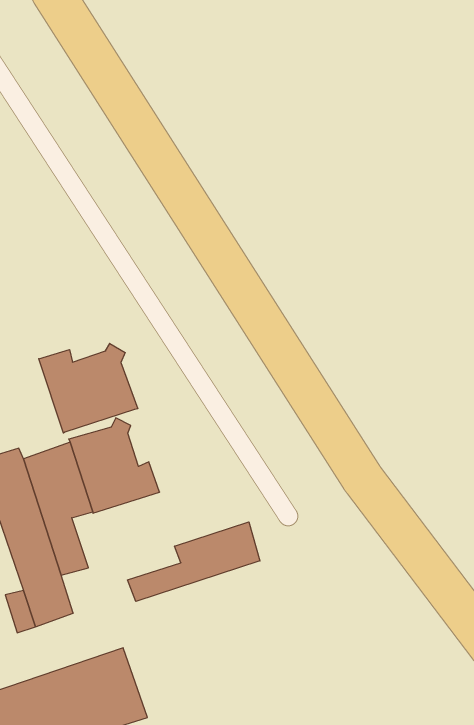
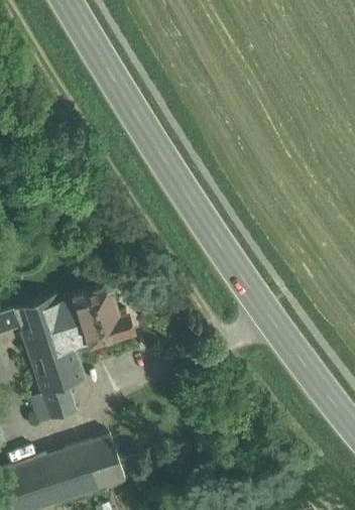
building: [39,343,138,433] -> none
building: [128,522,260,601] -> none

